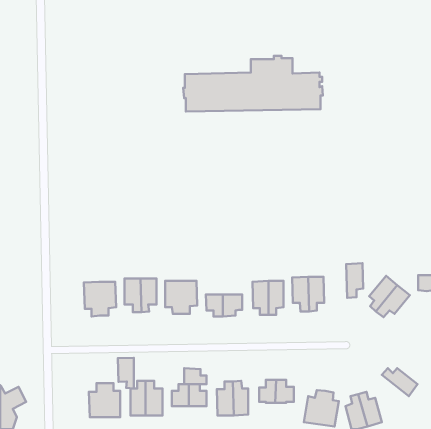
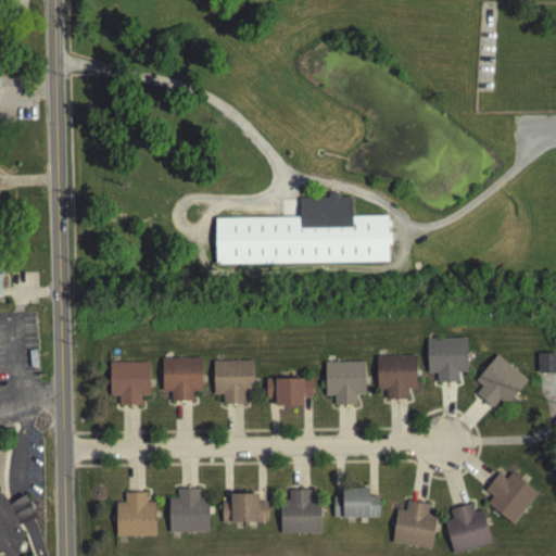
building: [183,56,323,112] -> [213,193,392,265]
building: none -> [428,339,447,382]
building: [118,358,134,388] -> none
building: [184,368,207,384] -> none
building: none -> [484,481,527,523]

